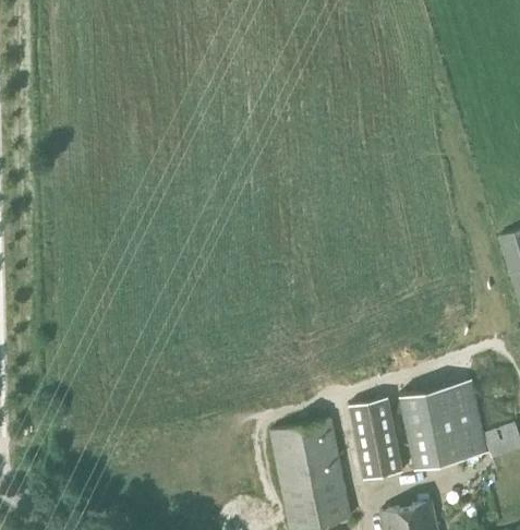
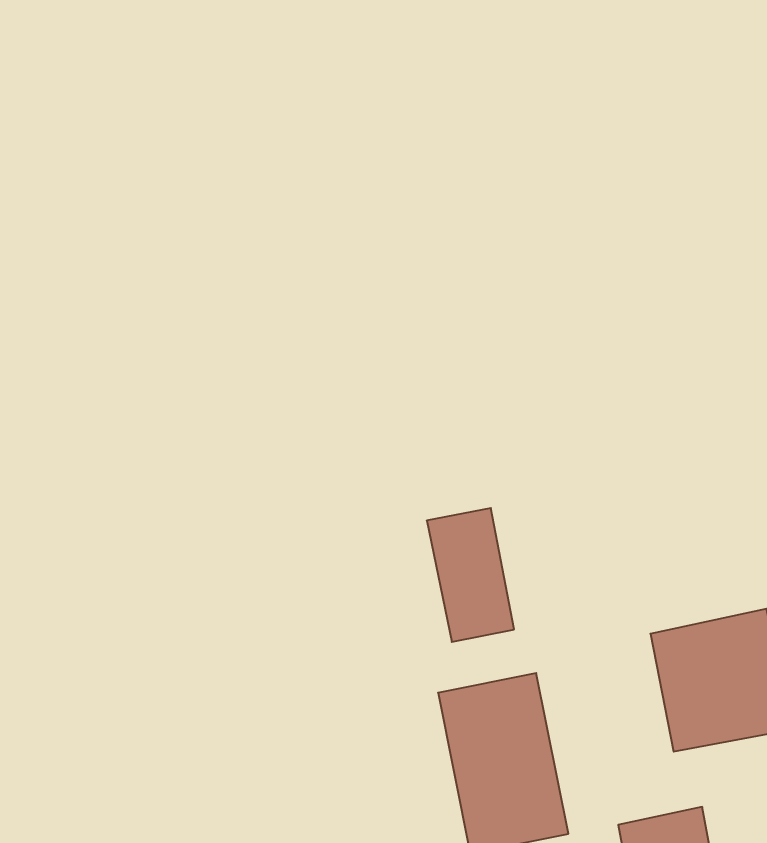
building: [350,399,403,481] -> [427,508,514,642]

